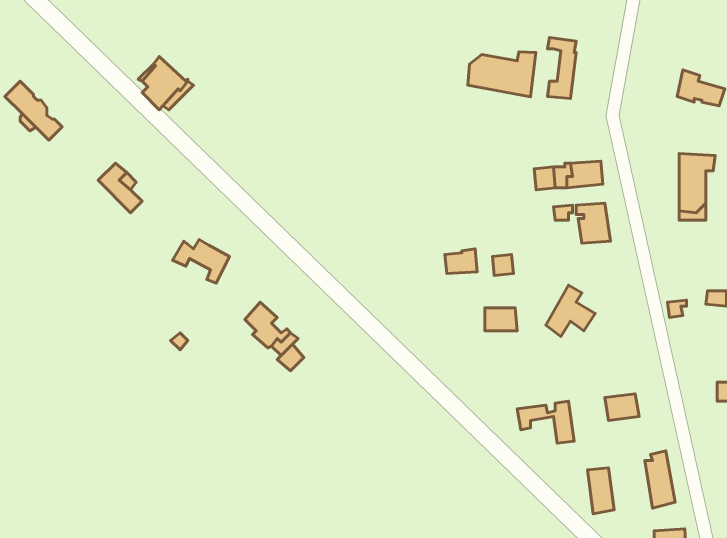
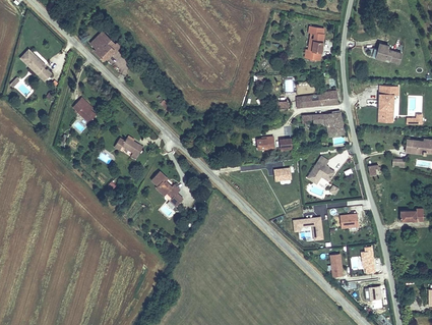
building: [468,52,536,97] -> none

